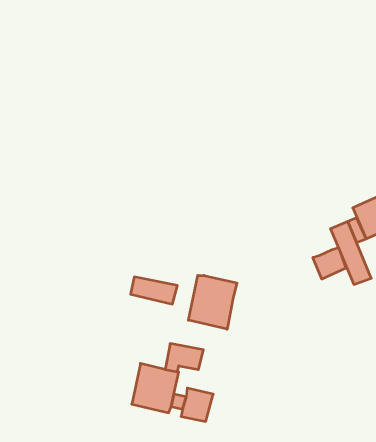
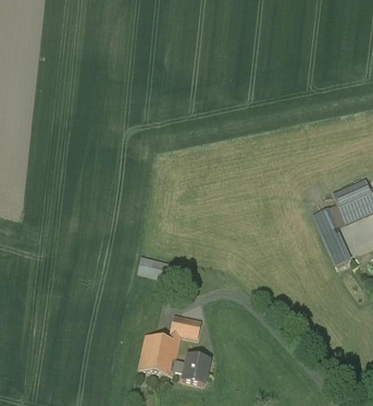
building: [313,247,346,279] -> none
building: [188,275,237,329] -> none

